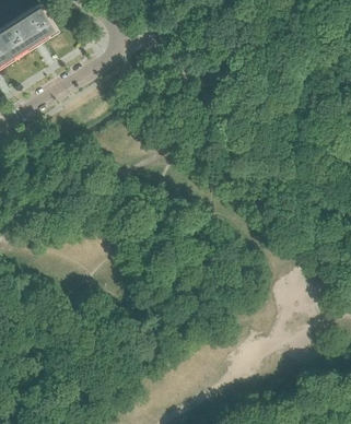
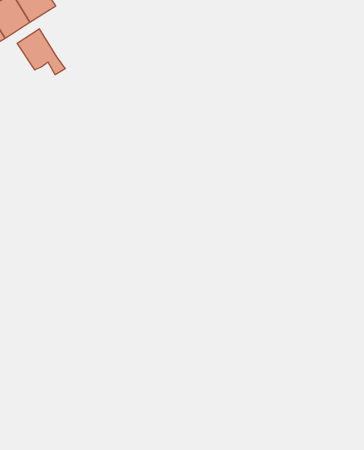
building: none -> [17,29,65,75]

